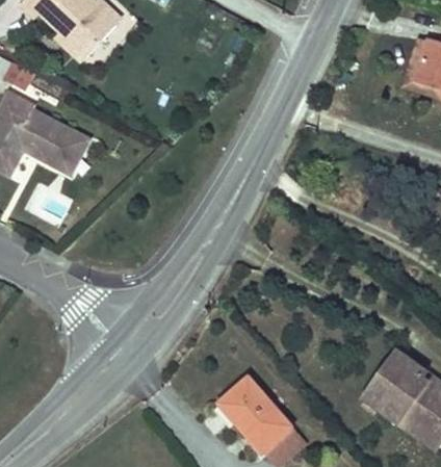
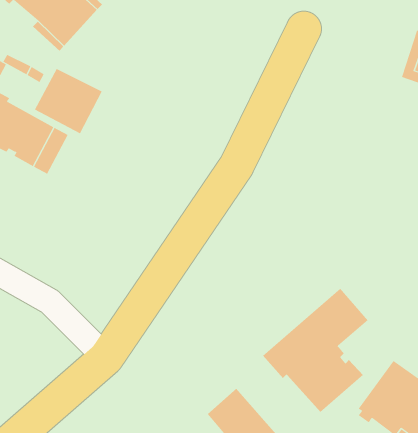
building: none -> [34,68,103,134]
building: none -> [262,288,368,413]

